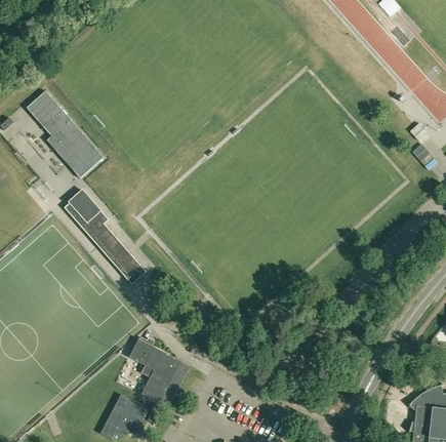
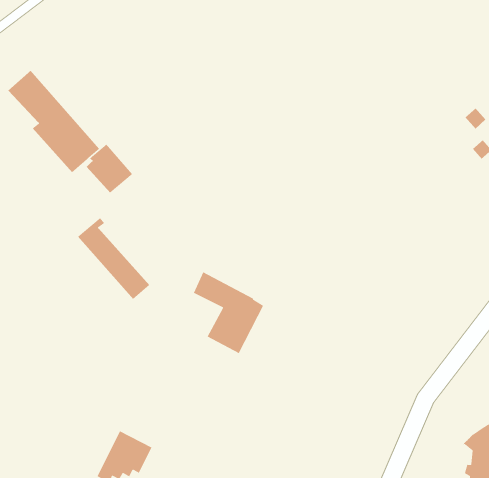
building: [64,189,104,231] -> [86,144,133,194]
building: [129,338,190,408] -> [193,271,265,354]

